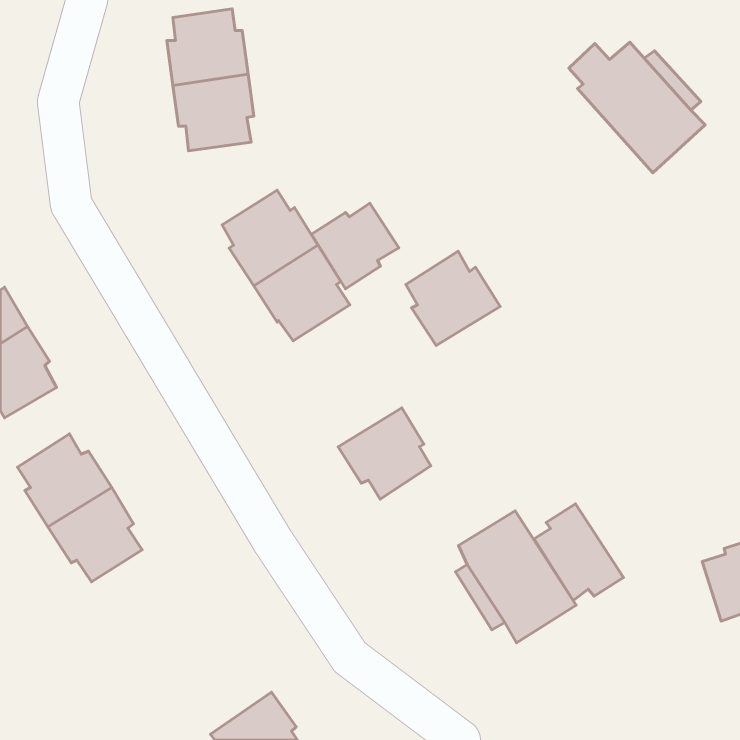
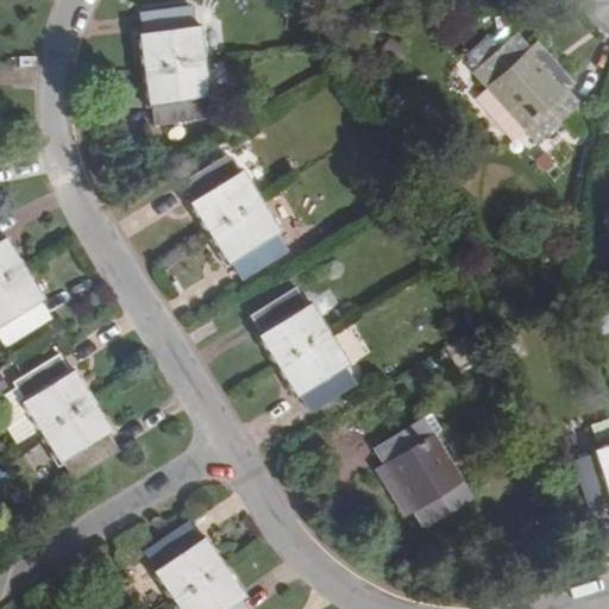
building: [312,203,399,289] -> none
building: [406,251,500,346] -> [253,289,331,366]
building: [534,504,623,600] -> none
building: none -> [147,525,224,602]

